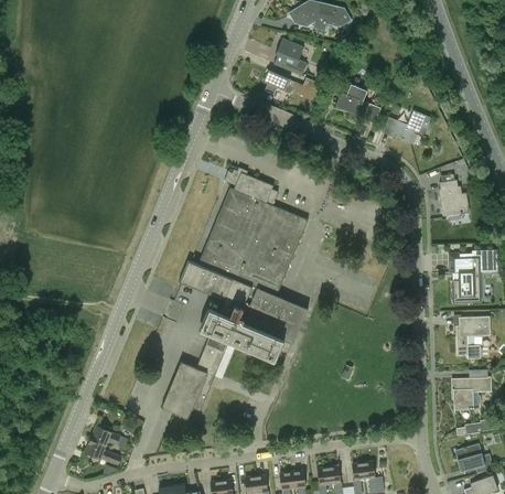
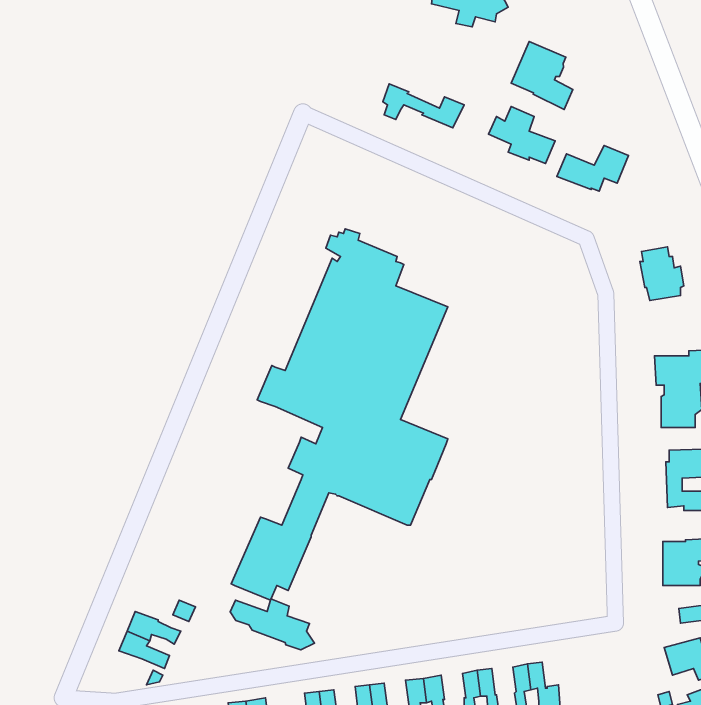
building: [275,40,307,76] -> none
building: none -> [511,41,573,110]
building: none -> [230,599,314,650]

